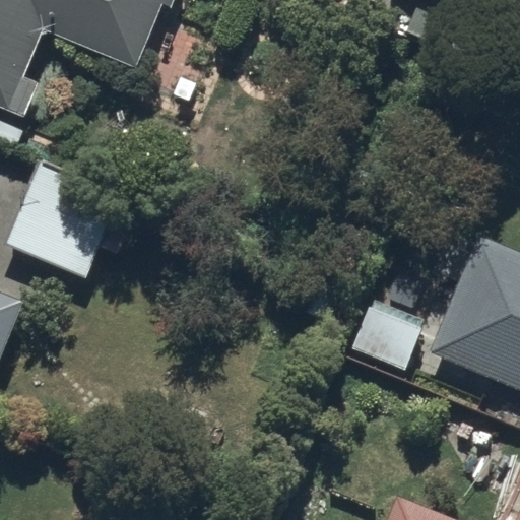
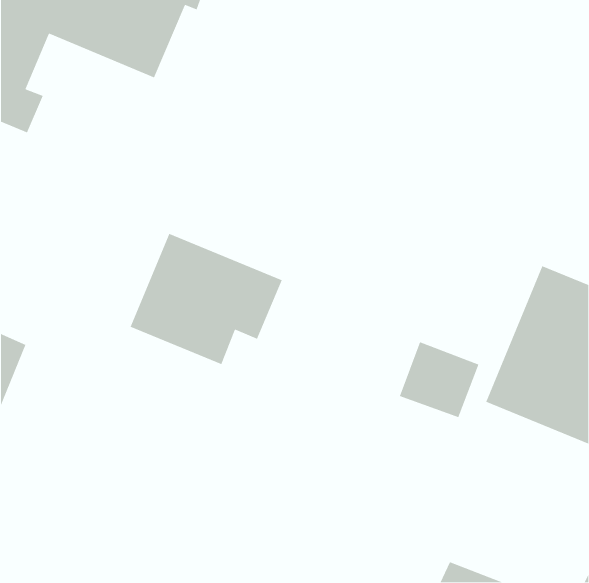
building: [6,160,141,277] -> [130,233,283,365]

